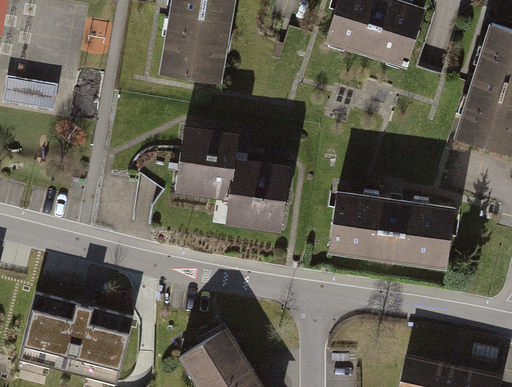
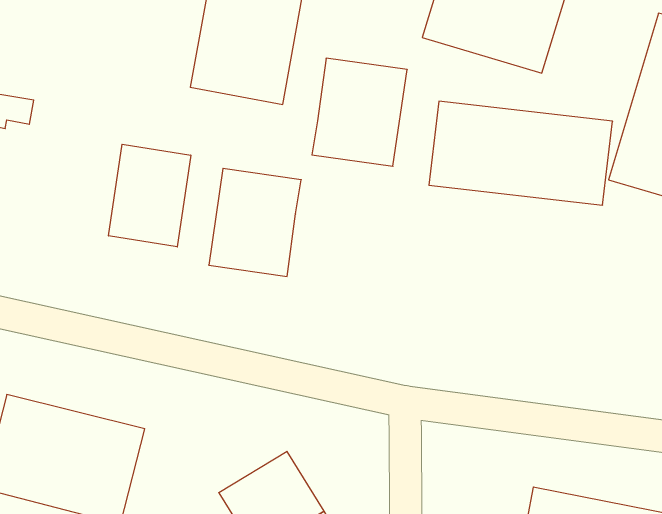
building: none -> [109,144,191,247]
building: [225,163,292,239] -> [312,58,407,166]
building: [326,193,455,266] -> [429,101,613,205]

